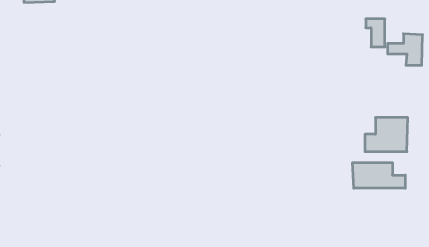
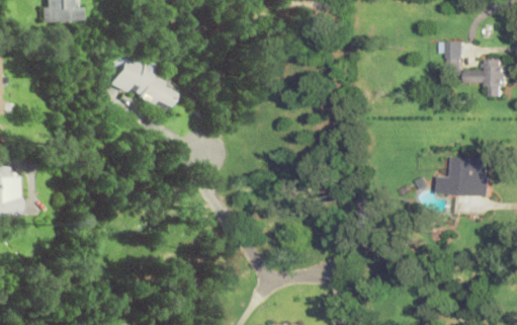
building: none -> [108,50,174,109]
building: [353,163,405,188] -> none

